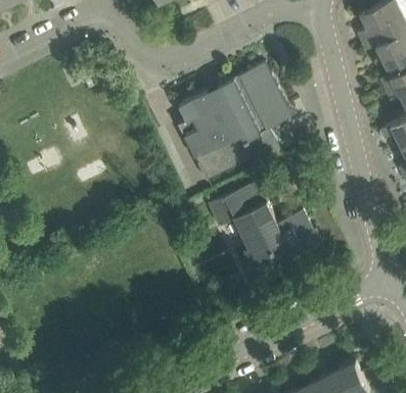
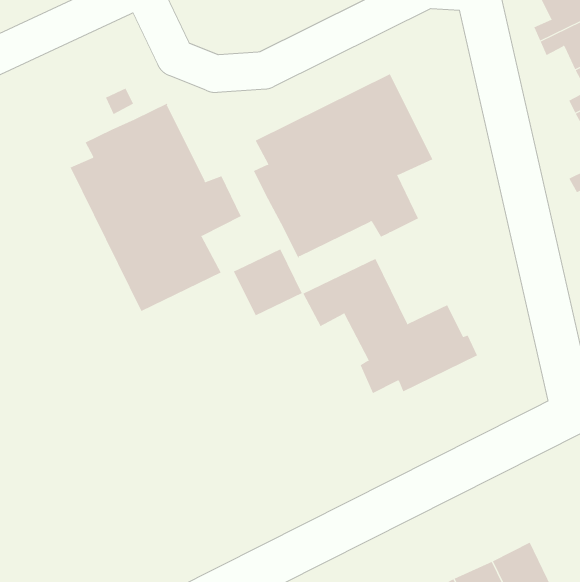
building: none -> [70,103,242,312]
building: none -> [233,248,303,316]

